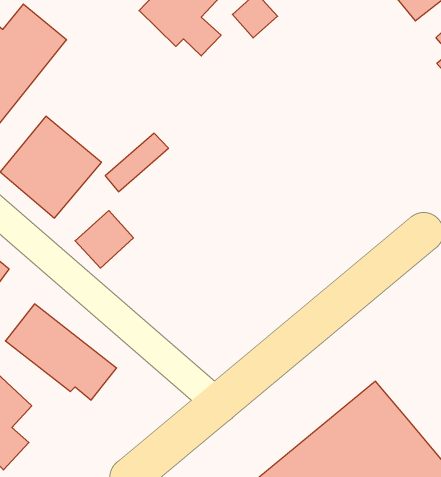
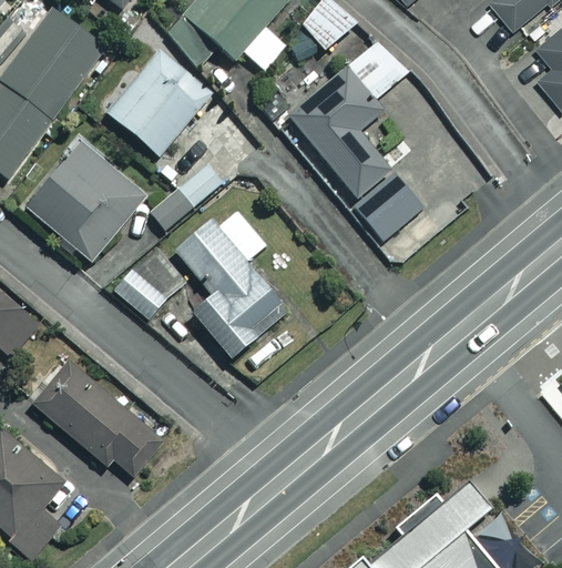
building: none -> [277,40,423,248]
building: none -> [106,50,210,155]
building: none -> [175,205,286,358]

